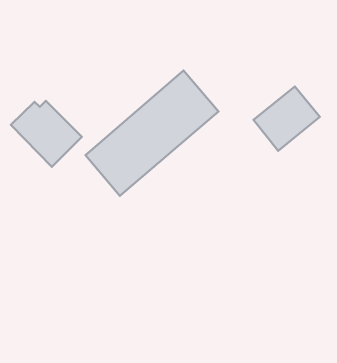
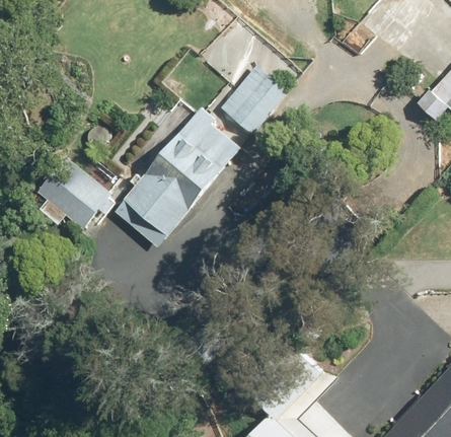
building: [253,87,320,151] -> [221,65,288,133]

